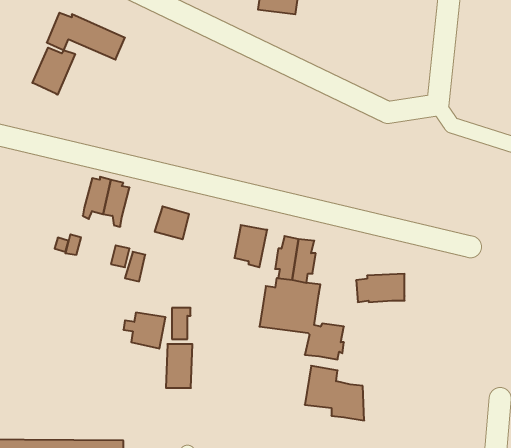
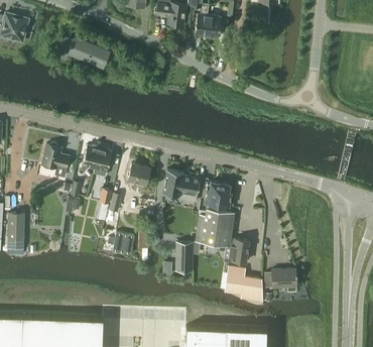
building: [32,48,75,95] -> none
building: none -> [40,144,69,169]
building: none -> [162,170,183,198]
building: [356,274,405,302] -> [264,270,295,288]
building: [166,344,192,388] -> [175,244,193,272]

